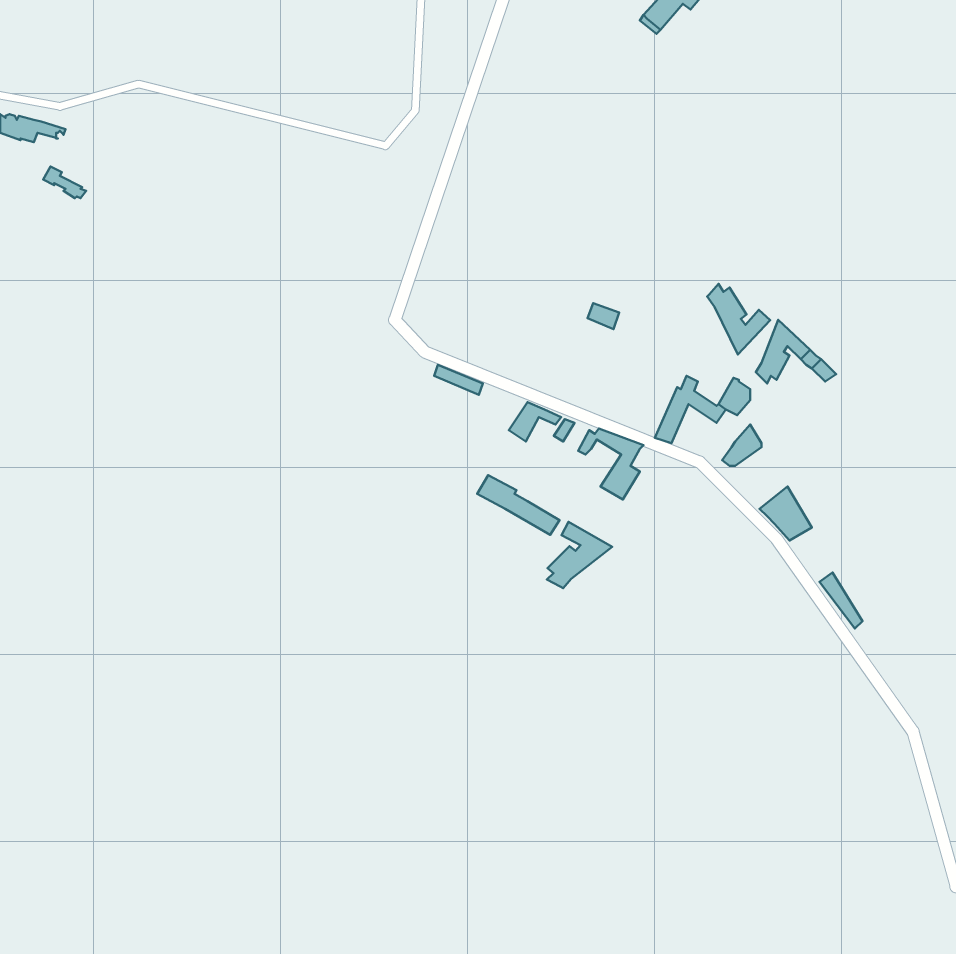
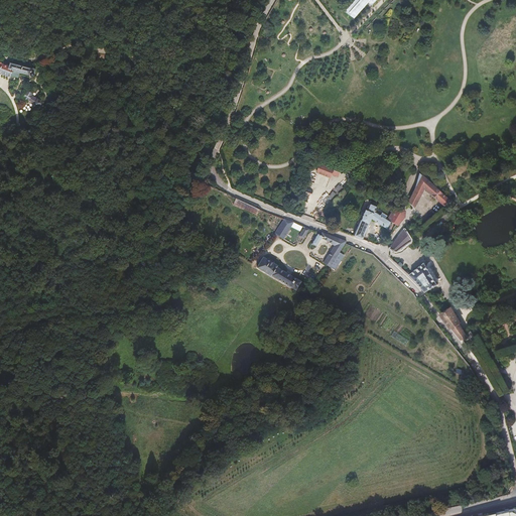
building: [707,284,770,354] -> none
building: [547,522,612,588] -> none

